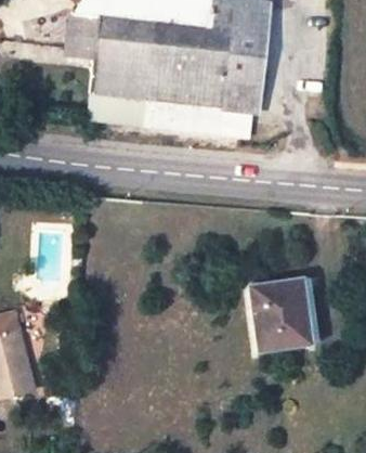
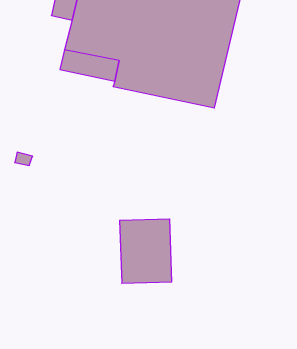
building: [252,276,313,348] -> [120,219,172,283]

